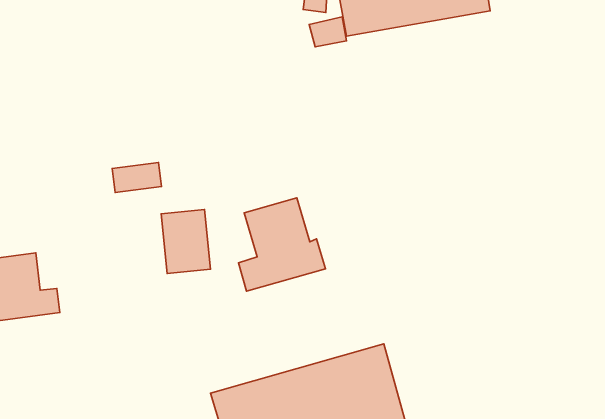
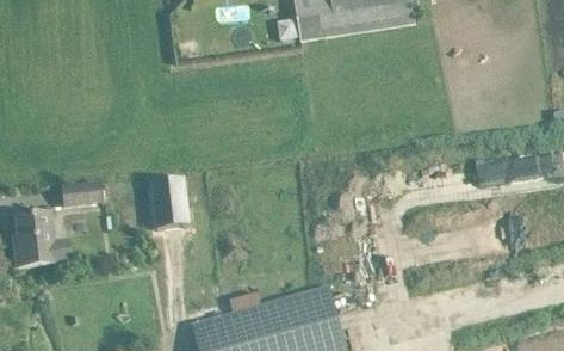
building: [112,163,162,192] -> [63,183,103,207]
building: [238,198,325,291] -> none

